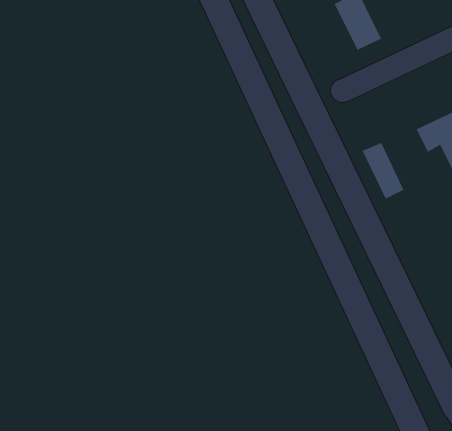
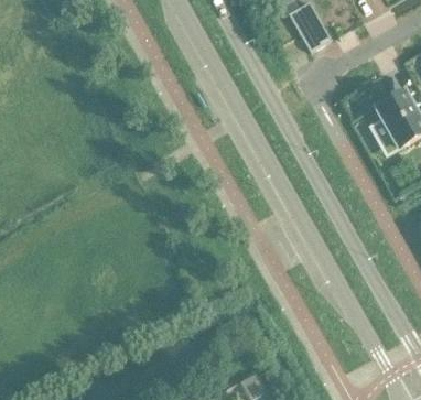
building: [362,142,404,200] -> none

